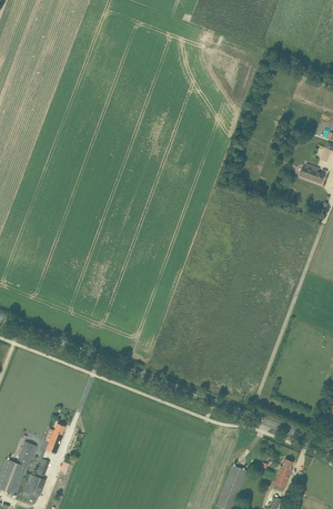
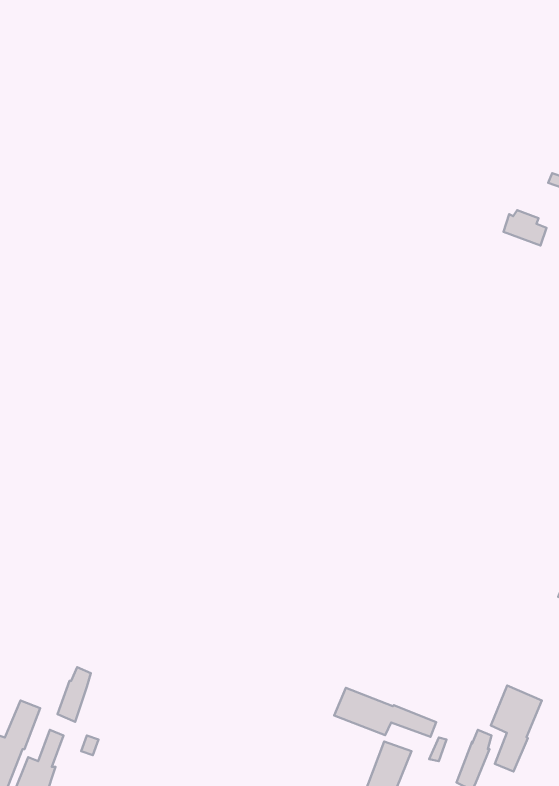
building: none -> [491,685,542,771]
building: none -> [334,688,436,737]

